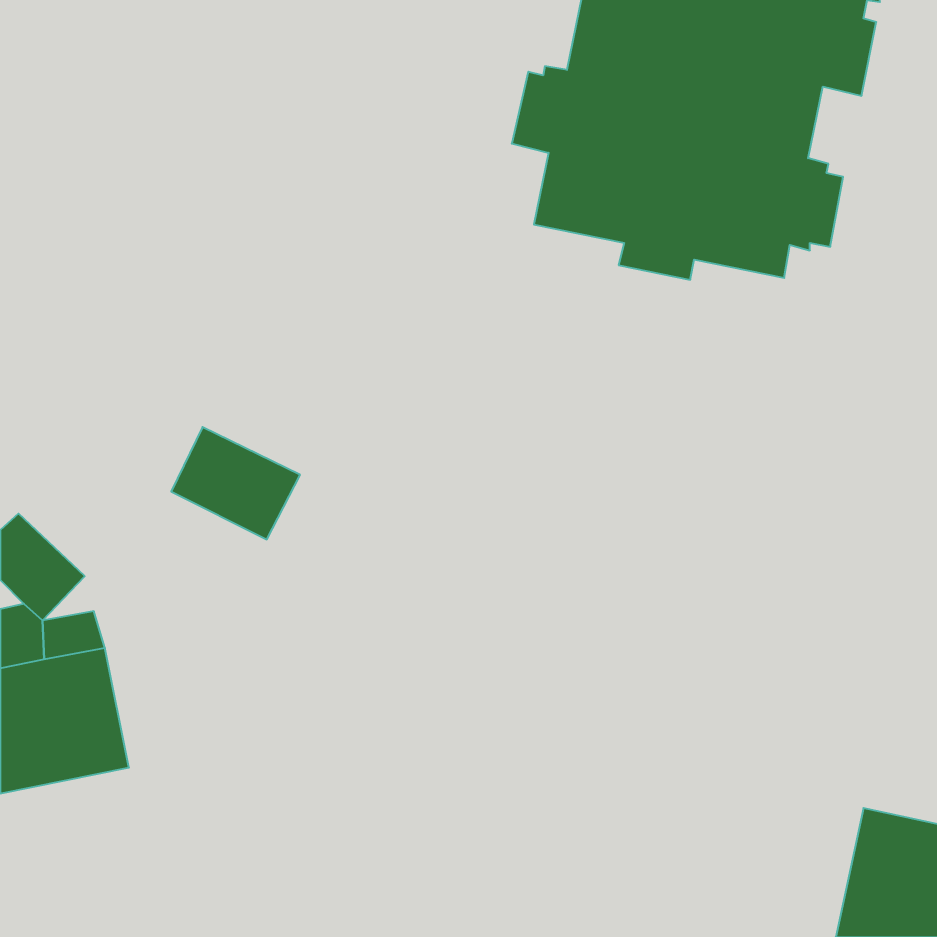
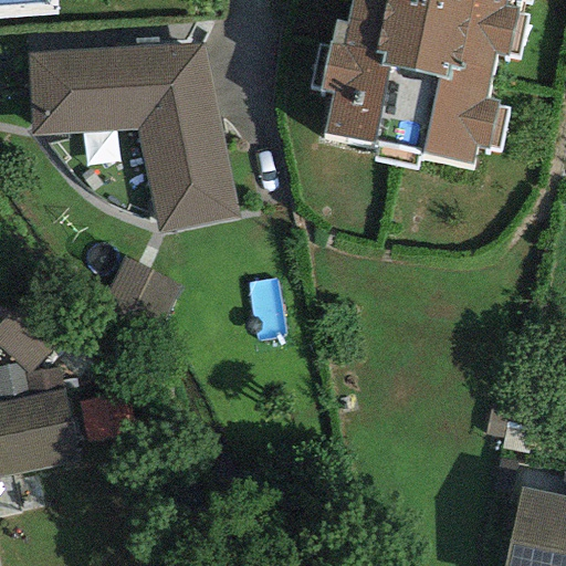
building: none -> [28,43,240,231]

